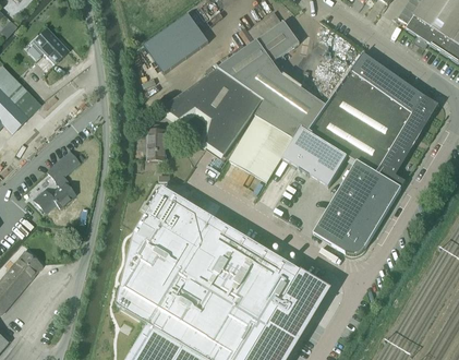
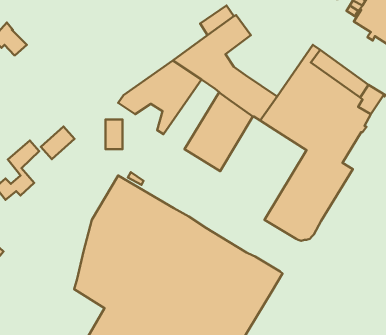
building: [144,13,208,72] -> none
building: [208,87,262,154] -> none
building: [282,127,347,187] -> none
building: none -> [41,127,75,159]

